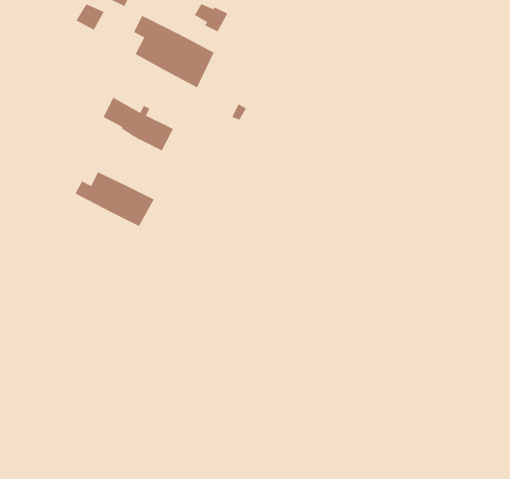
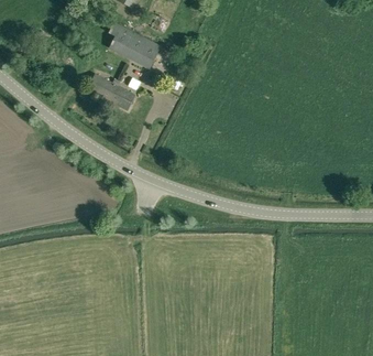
building: [75,172,155,227] -> none

